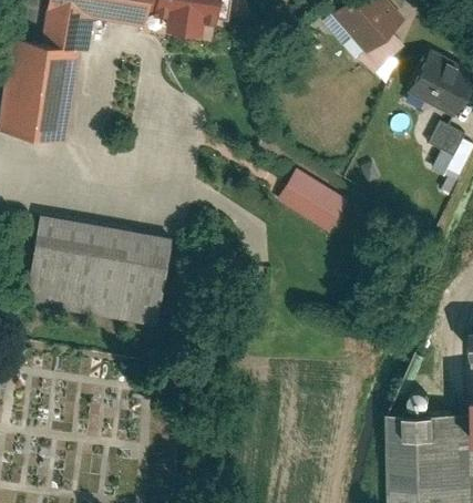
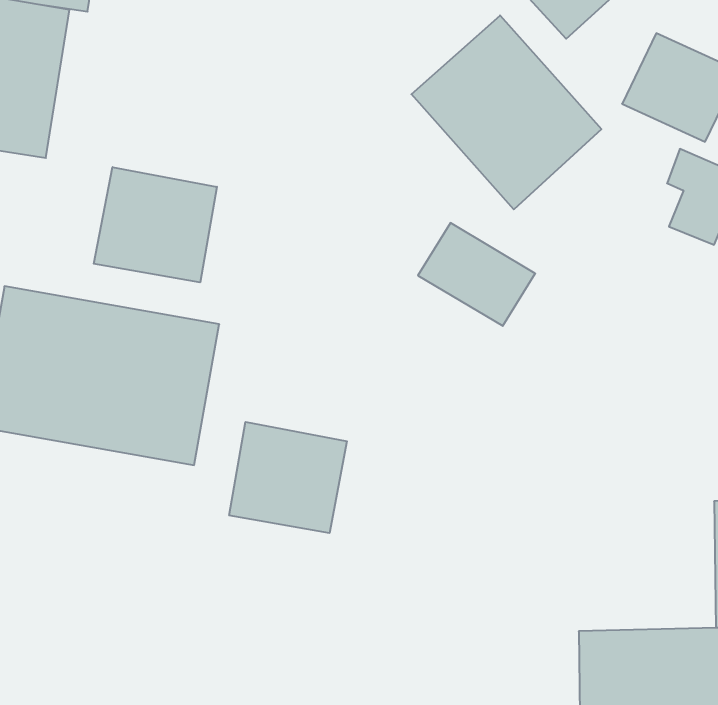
building: none -> [411,15,601,209]
building: none -> [94,167,217,282]
building: none -> [229,422,347,533]

